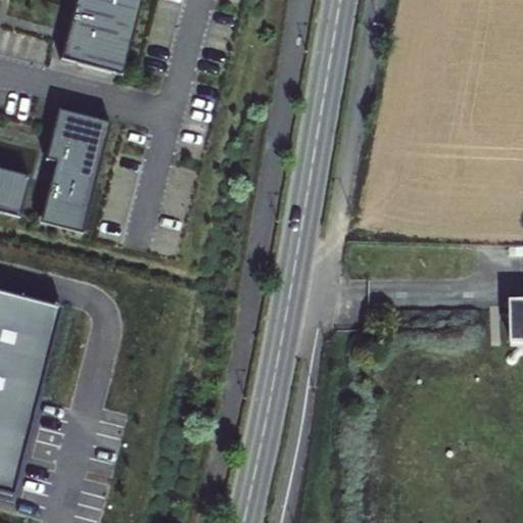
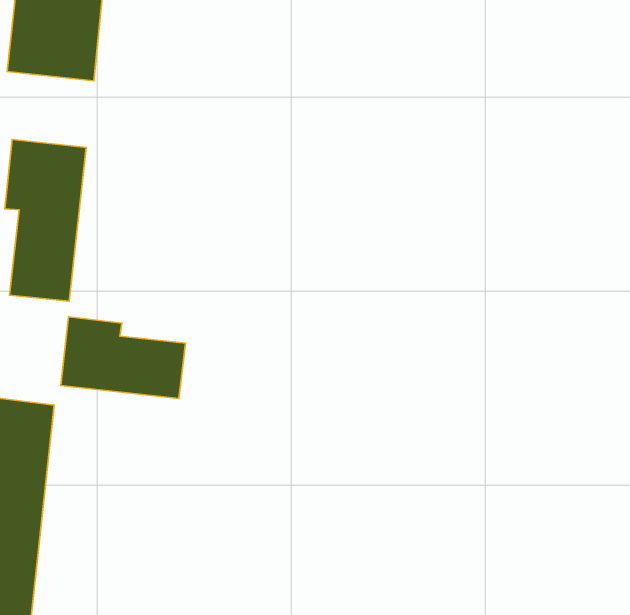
building: none -> [61,317,186,399]

